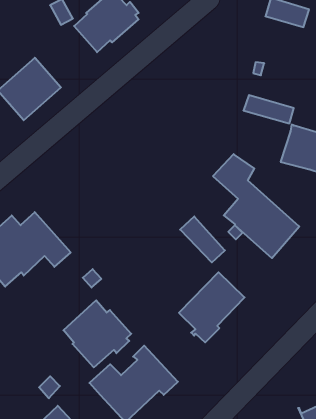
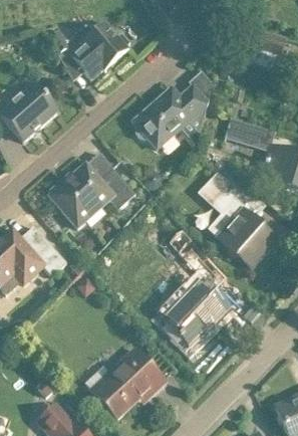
building: none -> [133,84,208,146]
building: none -> [49,162,127,227]
building: [63,300,131,367] -> none

